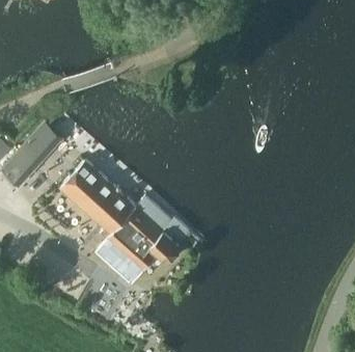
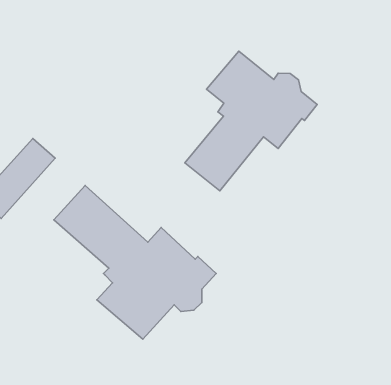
building: none -> [185,51,317,191]

